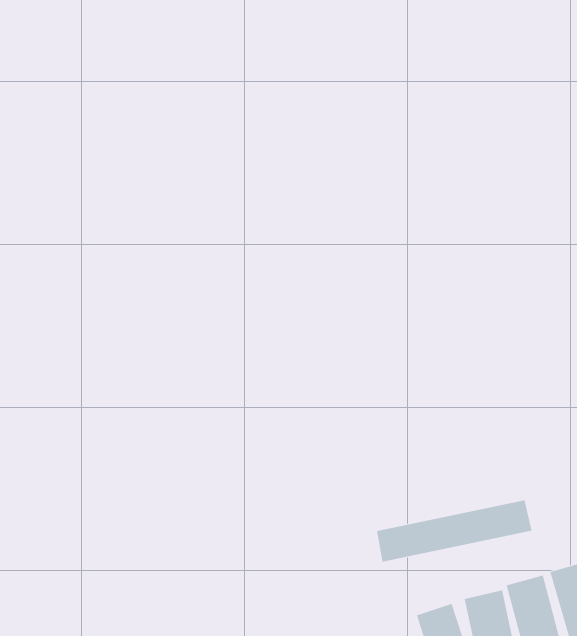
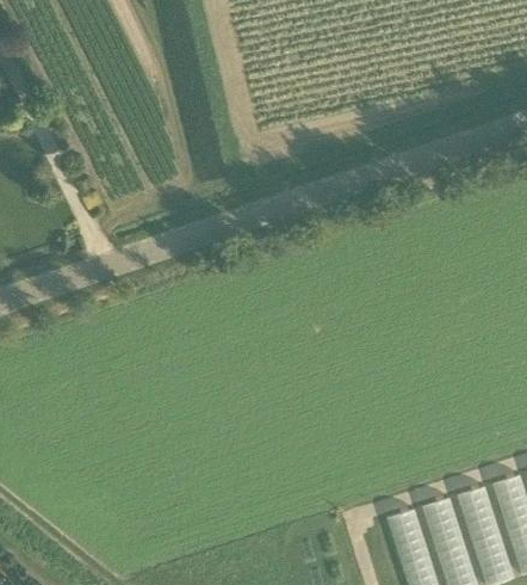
building: [376,500,532,563] -> none

